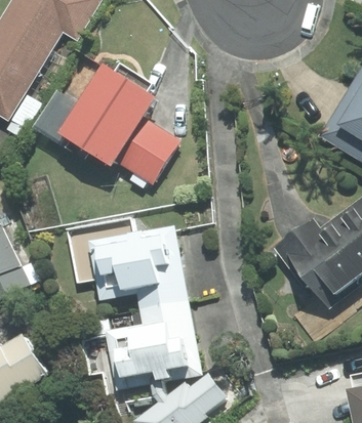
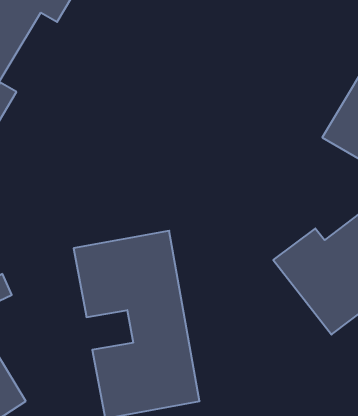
building: [68,61,179,186] -> none

